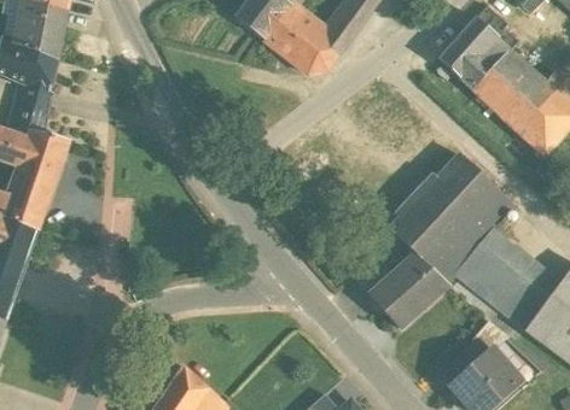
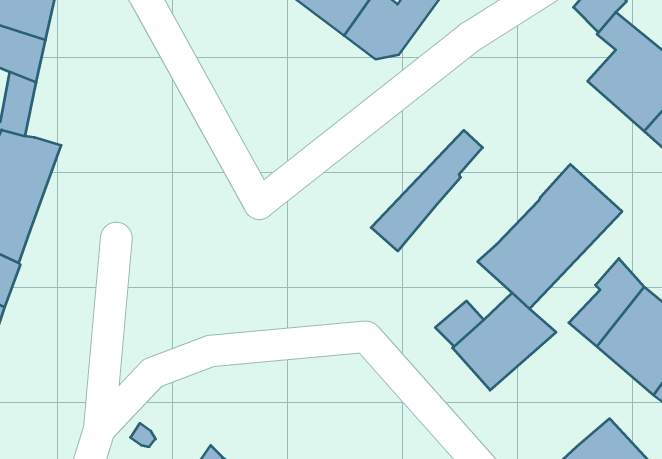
building: [438,33,494,89] -> none
building: [427,189,513,282] -> [371,130,483,251]
building: [453,320,506,370] -> none

